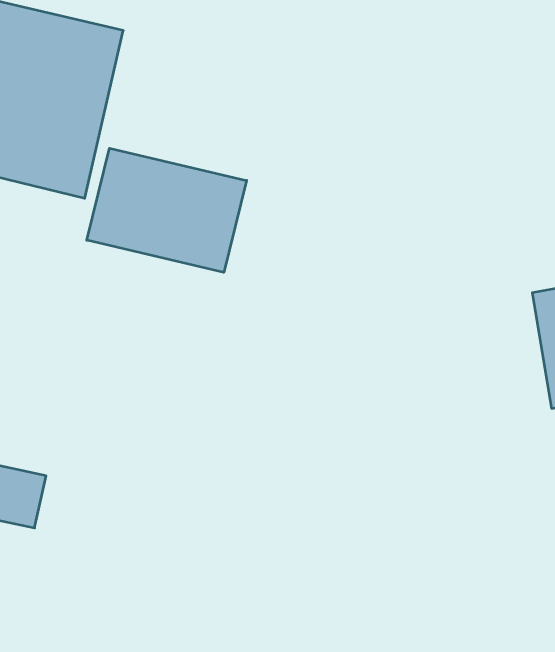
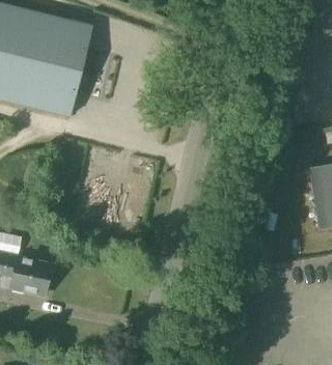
building: [87,148,247,272] -> none

